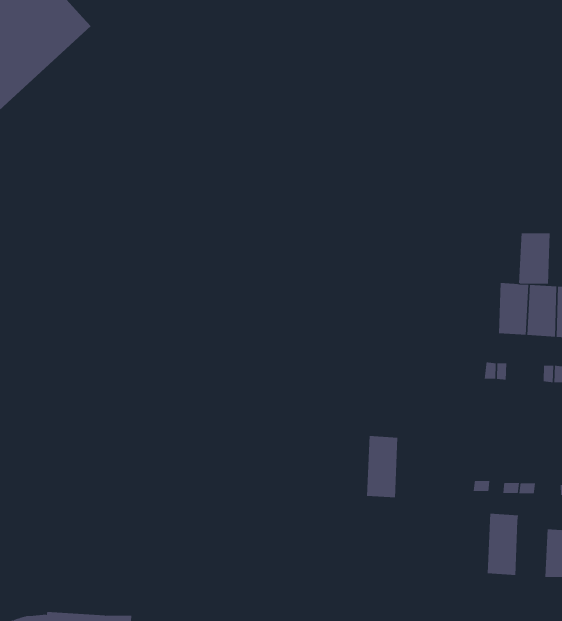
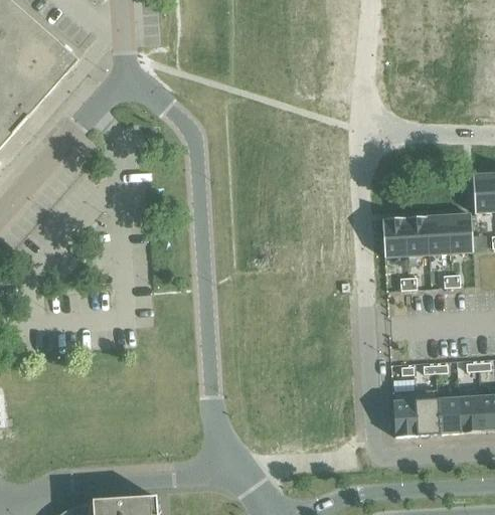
building: [518,233,551,284] -> [382,216,407,256]
building: [366,436,398,498] -> [393,389,419,436]
building: none -> [438,391,462,434]

